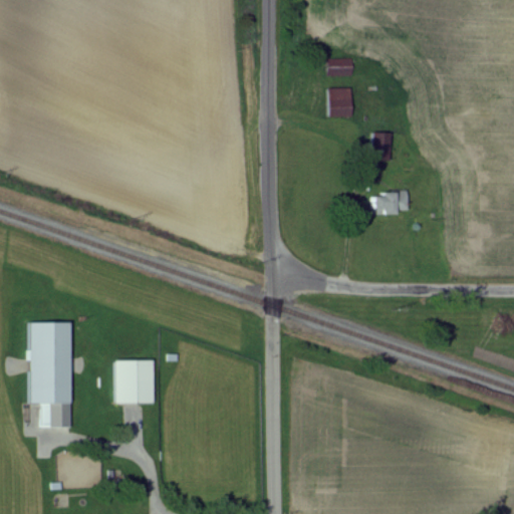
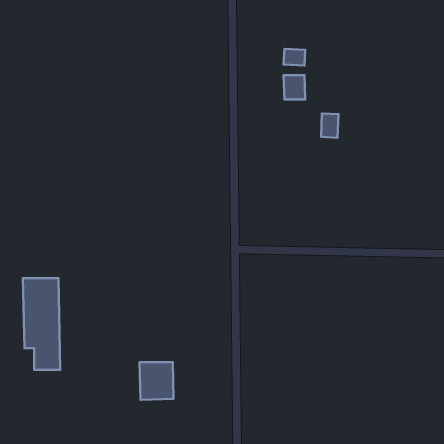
building: [372,192,409,214] -> none
building: [114,360,154,404] -> [140,362,174,400]

